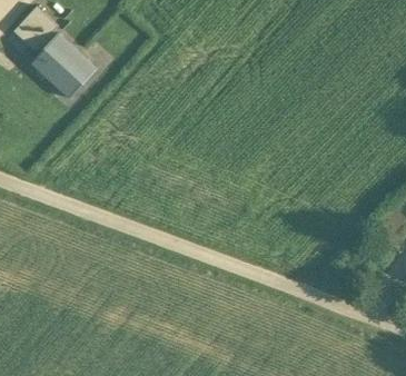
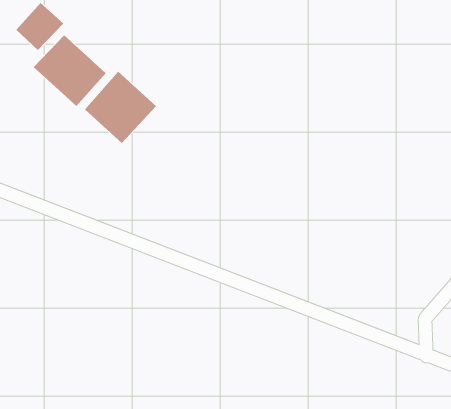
building: none -> [84,71,157,144]

